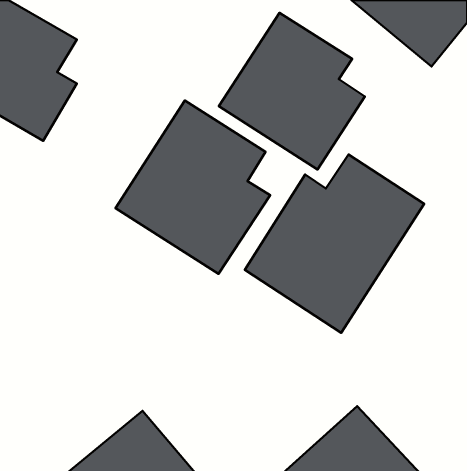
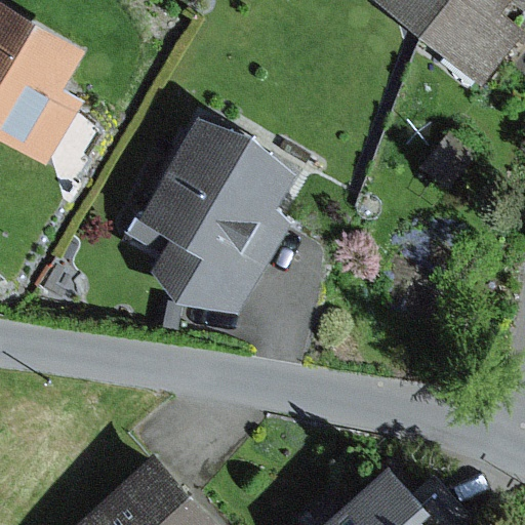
building: [219,13,365,170] -> none
building: [245,155,424,333] -> none

